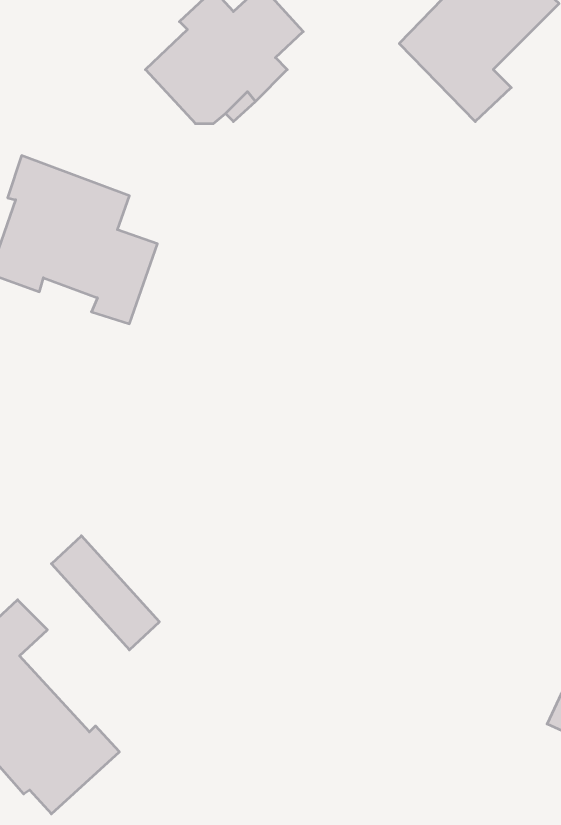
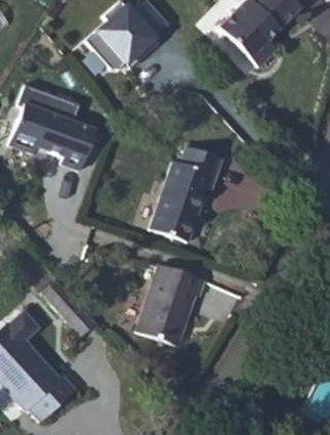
building: none -> [150,146,222,242]
building: none -> [136,264,204,345]

